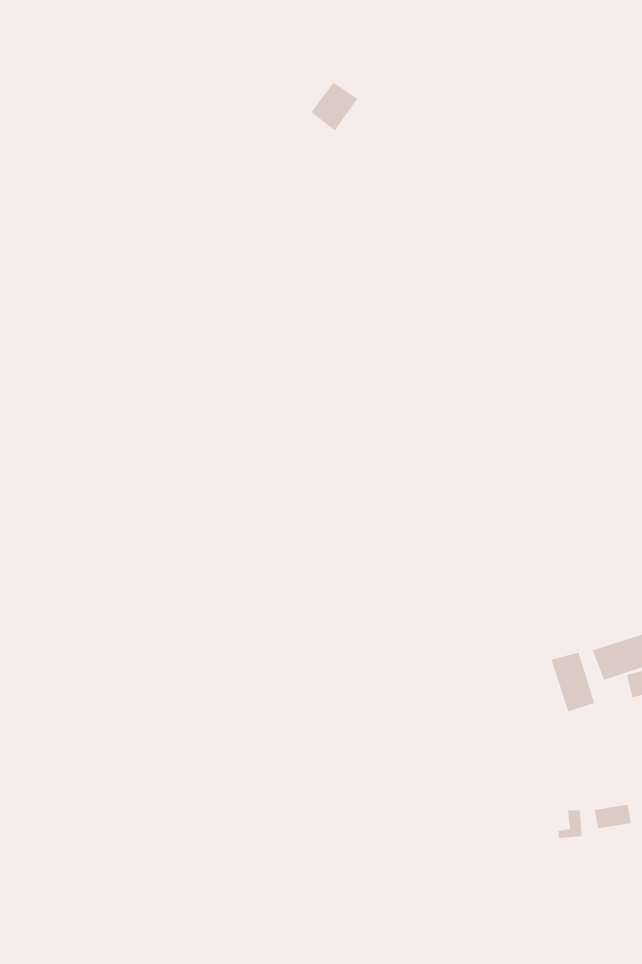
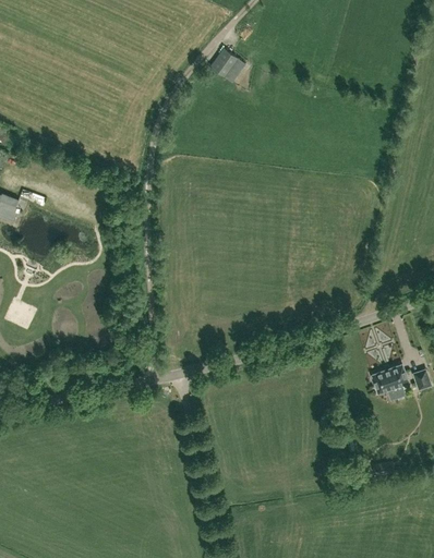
building: [551,652,595,712] -> none

